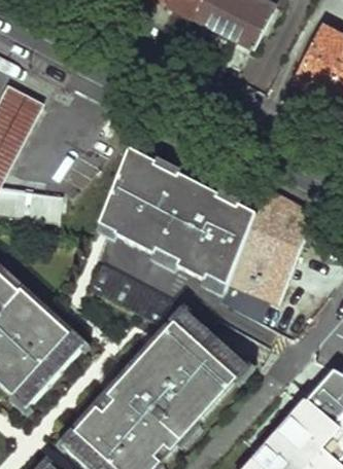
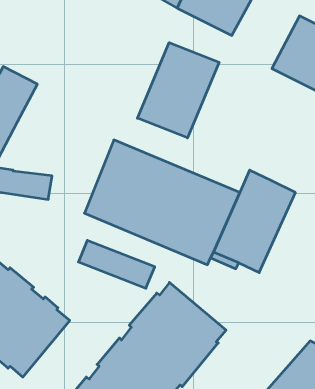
building: none -> [137,43,219,138]

